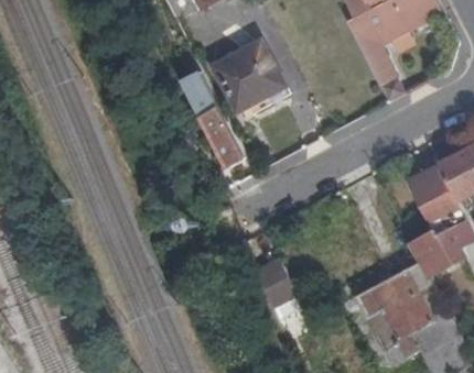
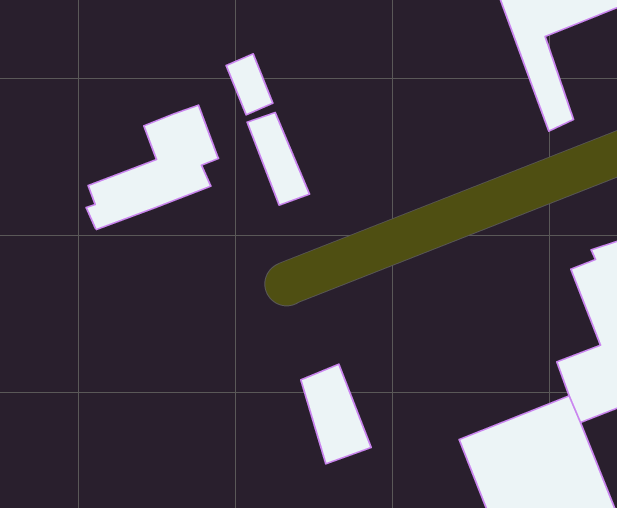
building: [213,41,288,119] -> none
building: none -> [86,105,218,230]

